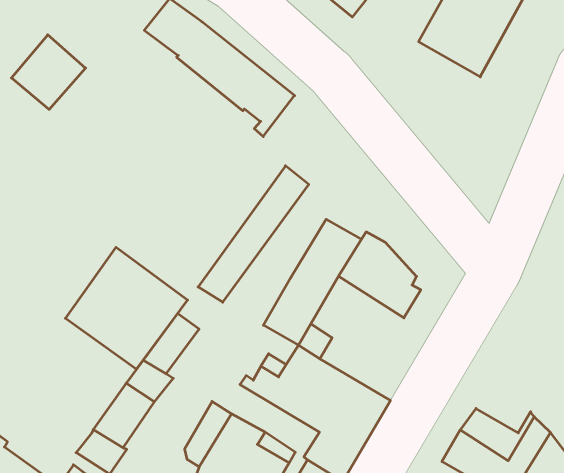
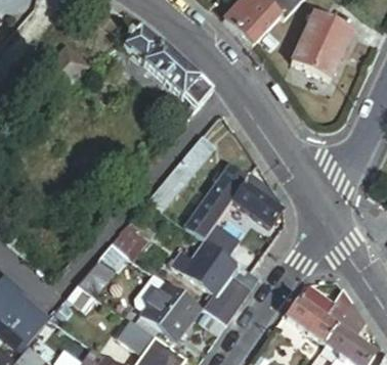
building: [65,247,188,369] -> none

